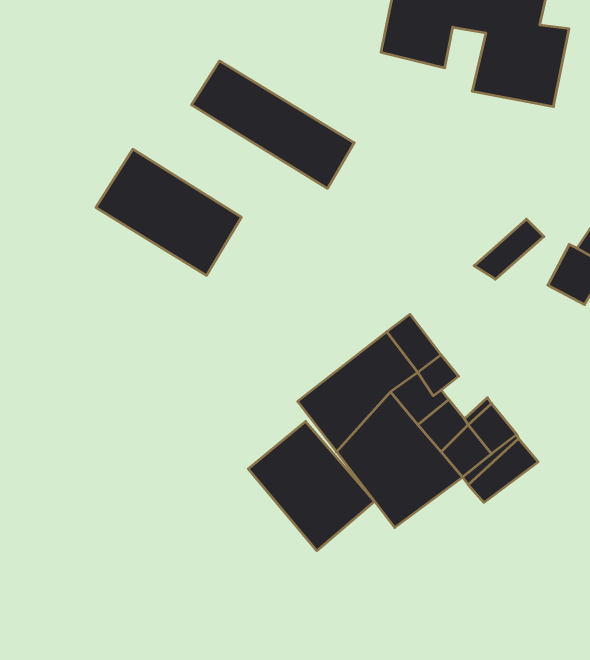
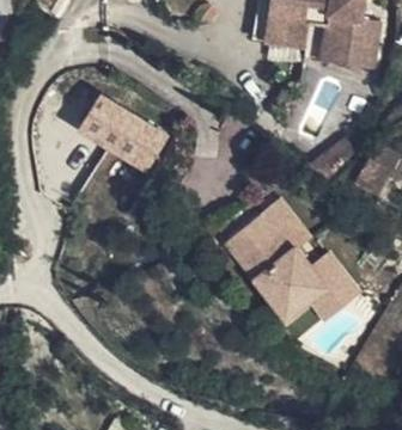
building: [192,61,354,188] -> none
building: [248,421,374,551] -> none

